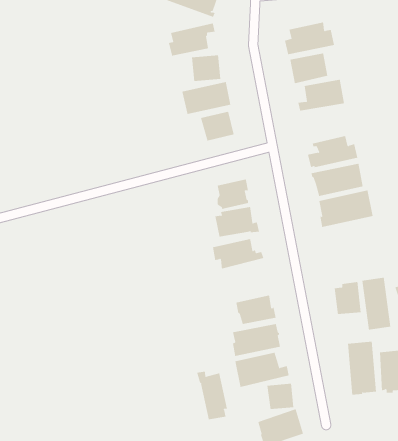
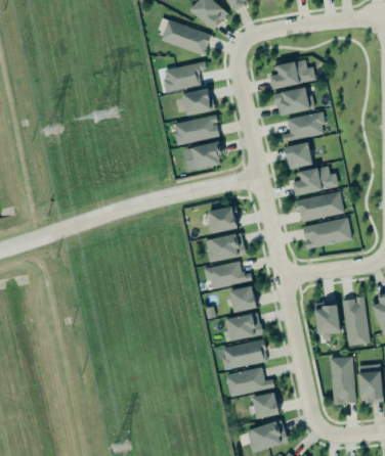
building: none -> [285,142,313,170]
building: none -> [228,285,256,312]
building: [197,371,227,420] -> none

